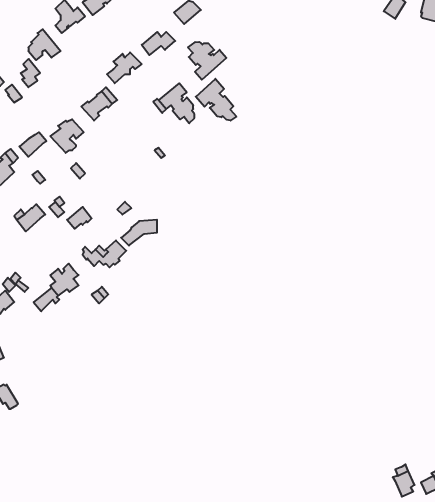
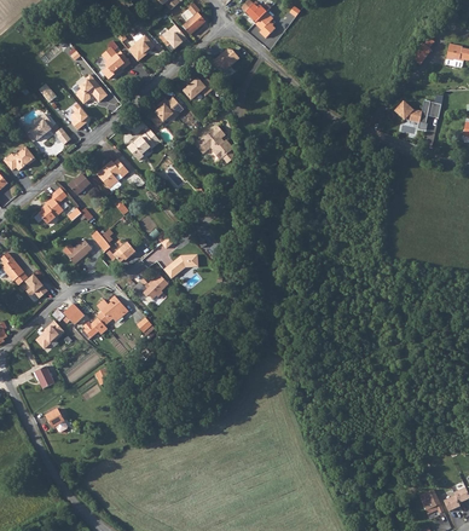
building: [188,42,226,80] -> none
building: none -> [394,100,440,123]
building: [196,79,236,121] -> none

